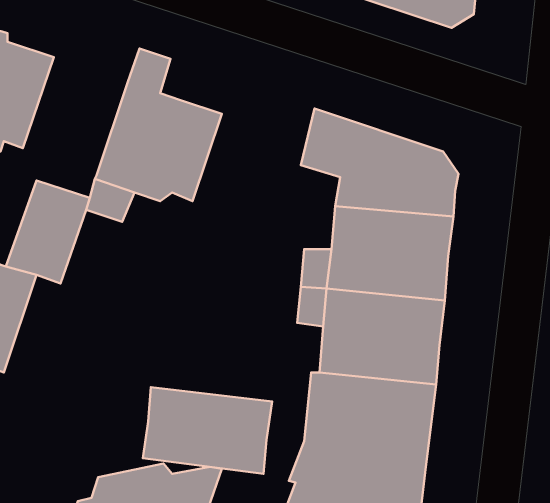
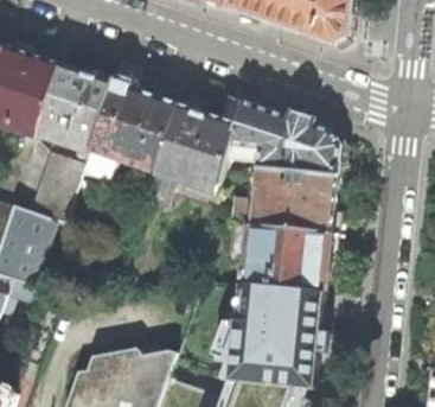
building: none -> [36,64,109,146]
building: none -> [143,95,238,202]
building: [143,387,272,474] -> none

